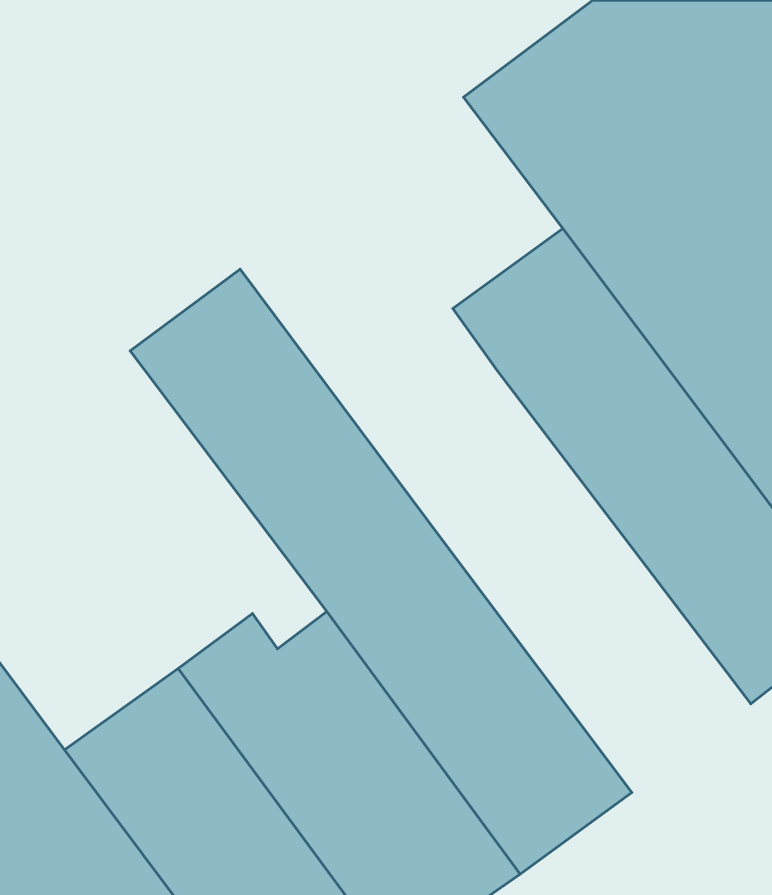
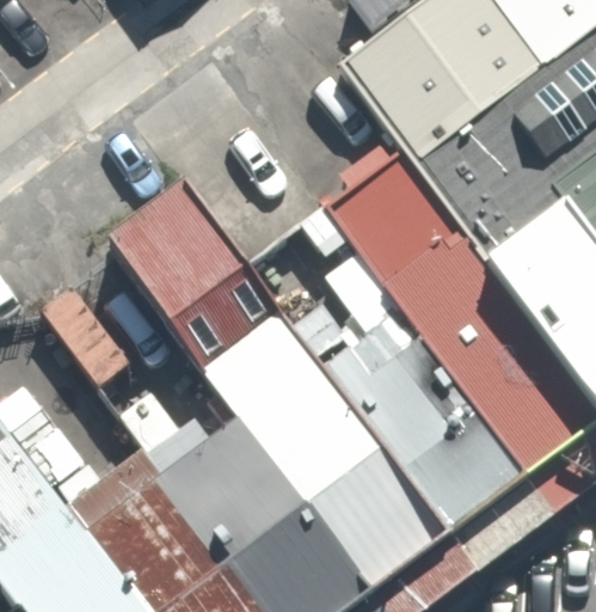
building: none -> [321,250,528,534]

